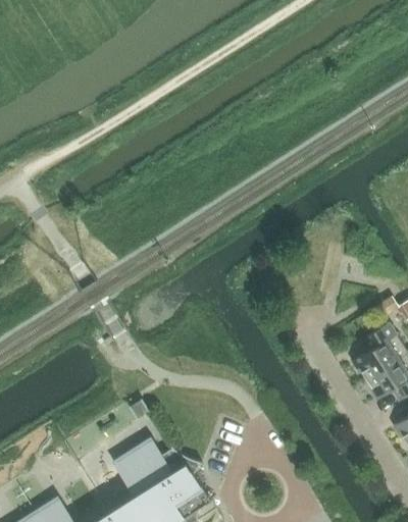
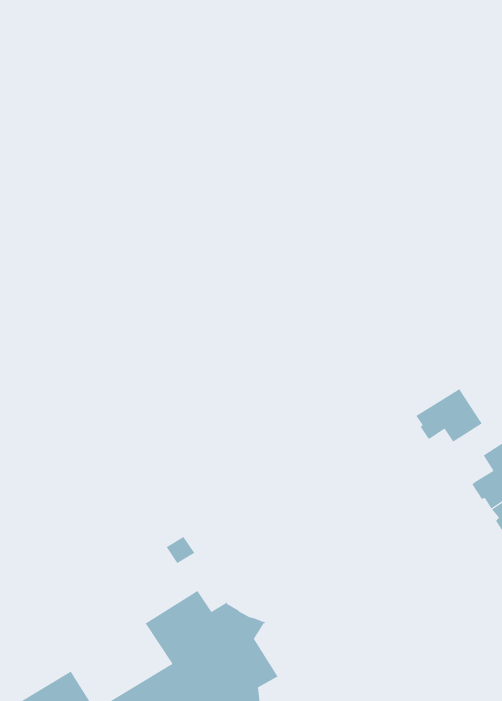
building: none -> [415,388,482,443]

